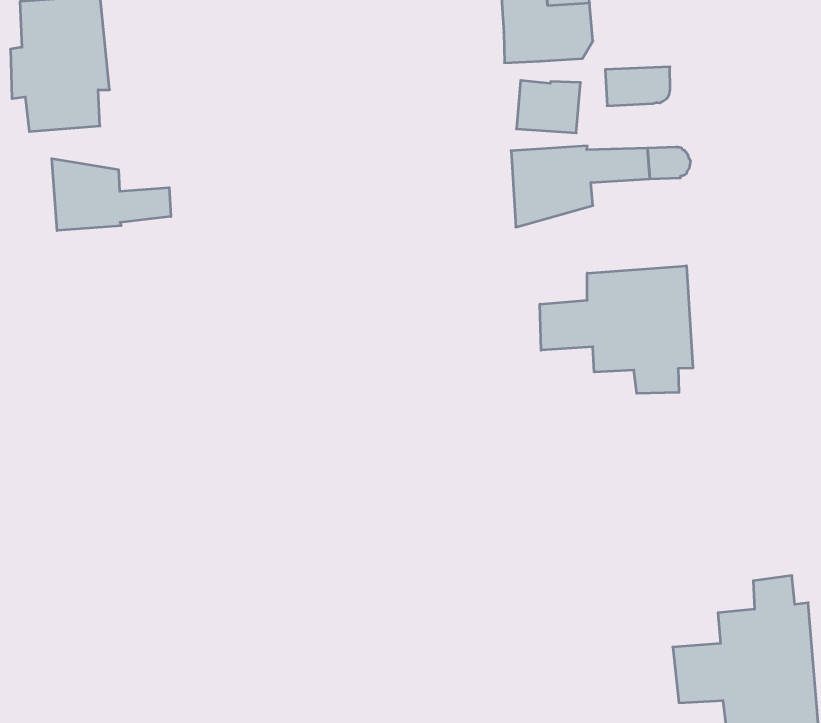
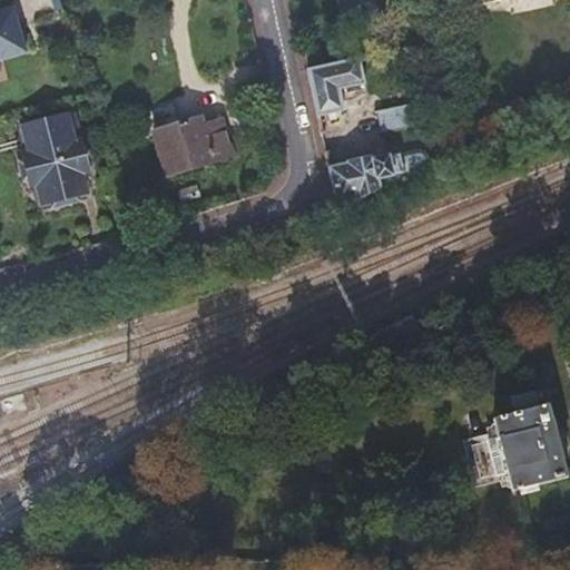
building: none -> [155,115,233,174]
building: [52,159,171,231] -> none
building: [540,266,693,393] -> none

